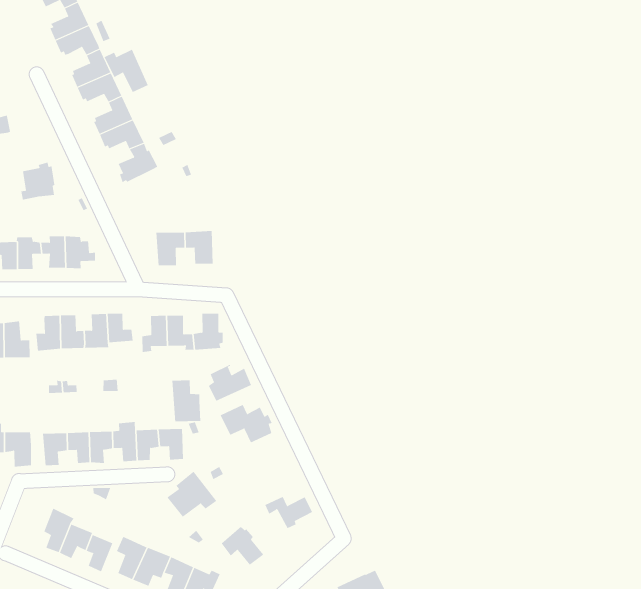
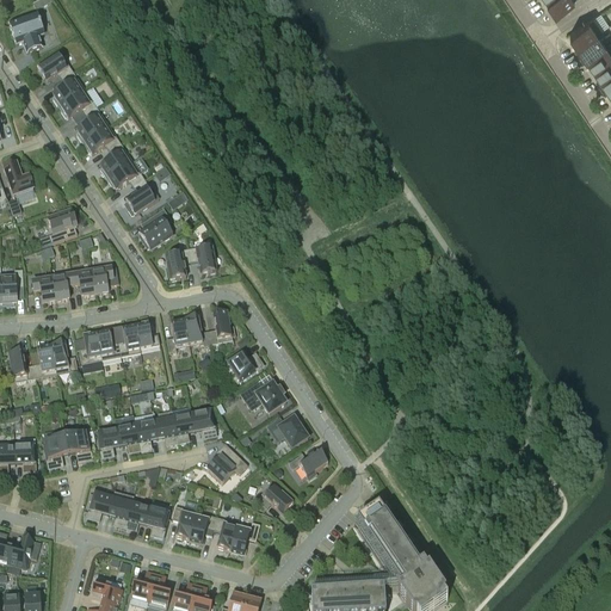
building: [104,49,148,93] -> none
building: none -> [138,208,171,248]
building: [172,379,201,422] -> none
building: none -> [266,416,307,448]
building: none -> [86,488,113,520]

